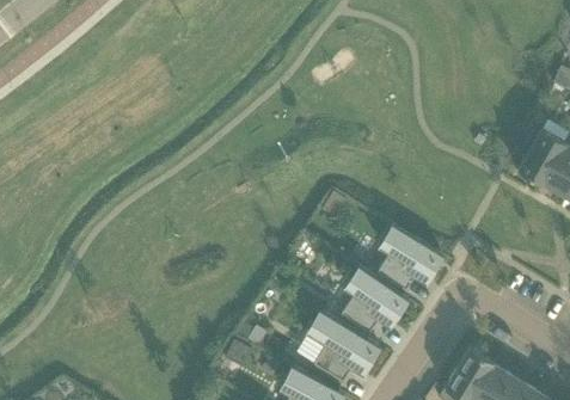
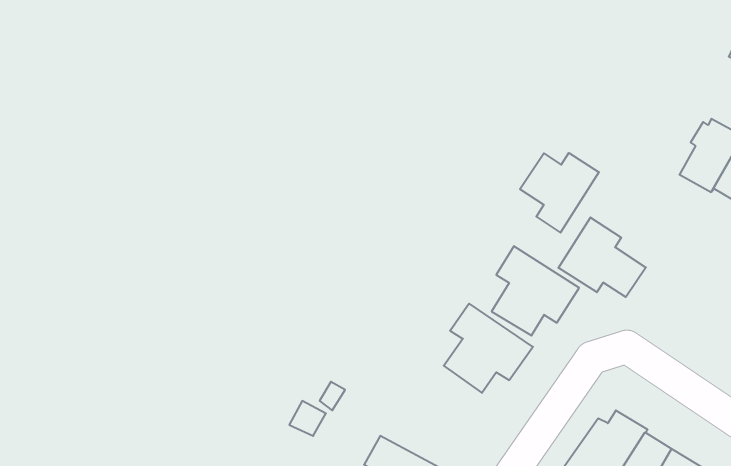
building: none -> [520,153,599,233]
building: none -> [558,217,646,297]
building: [296,310,379,383] -> none

